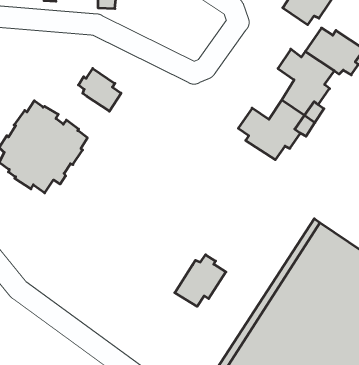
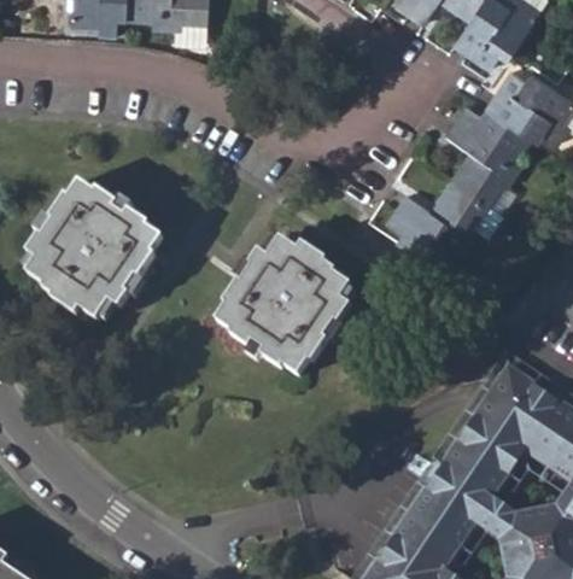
building: [78,68,121,111] -> none
building: none -> [217,239,352,378]
building: [175,255,226,306] -> none

